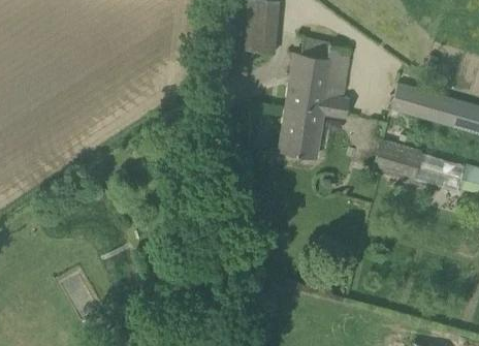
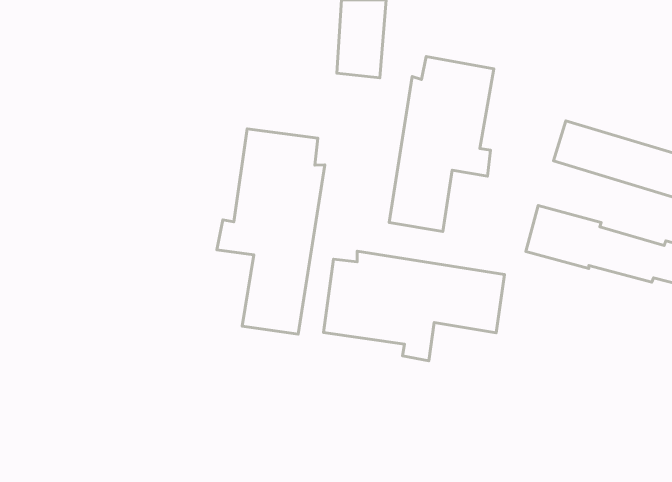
building: none -> [217,129,325,334]
building: none -> [324,251,504,361]

